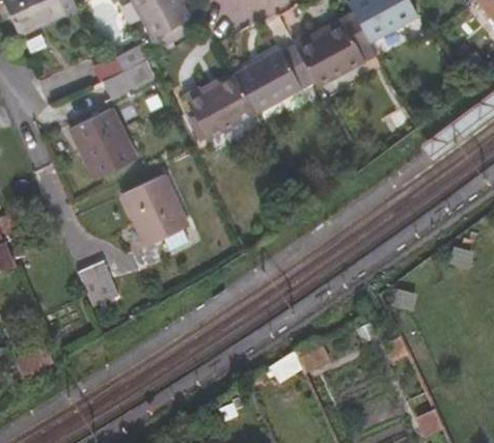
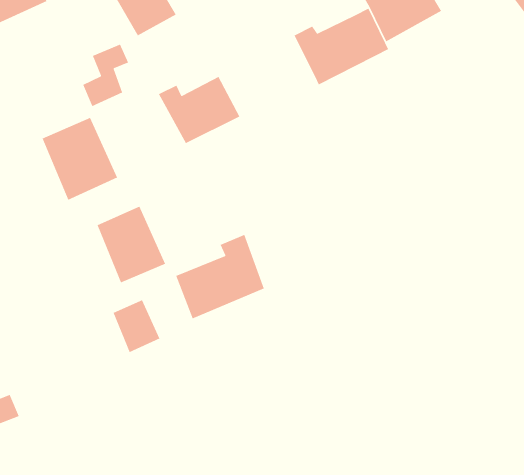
building: [225,40,310,110] -> none
building: none -> [175,234,265,320]
building: [79,264,120,310] -> [112,299,160,353]

